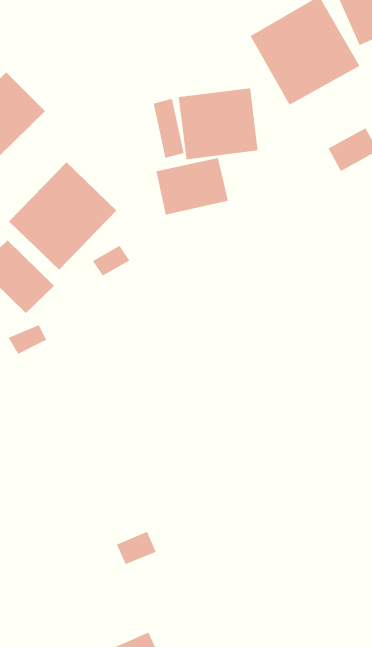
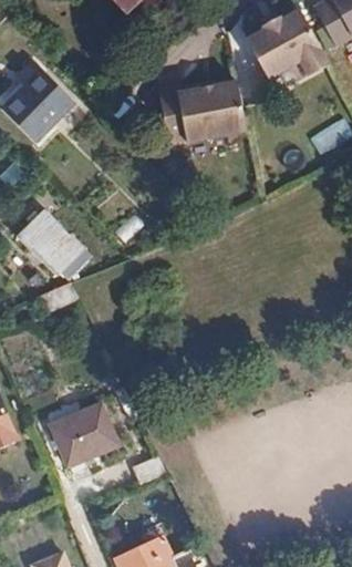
building: [155,157,229,216] -> none
building: [8,161,117,271] -> none
building: none -> [46,401,116,466]

